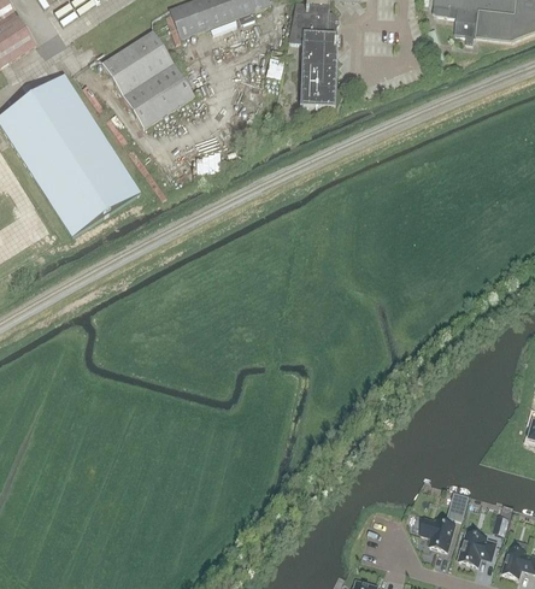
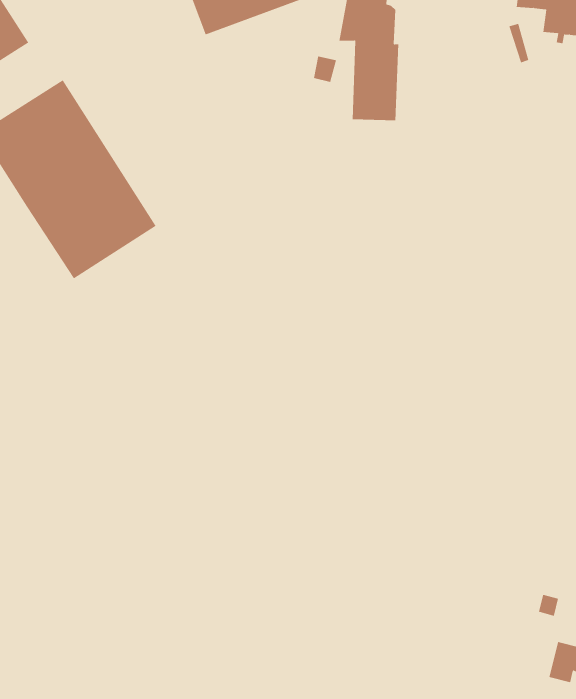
building: [101,30,194,128] -> none
building: [421,517,454,550] -> none

